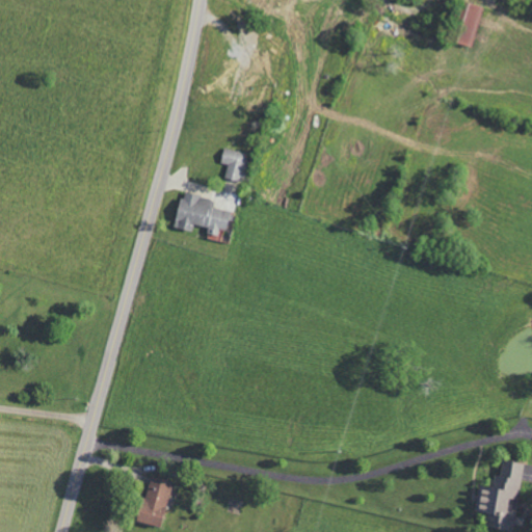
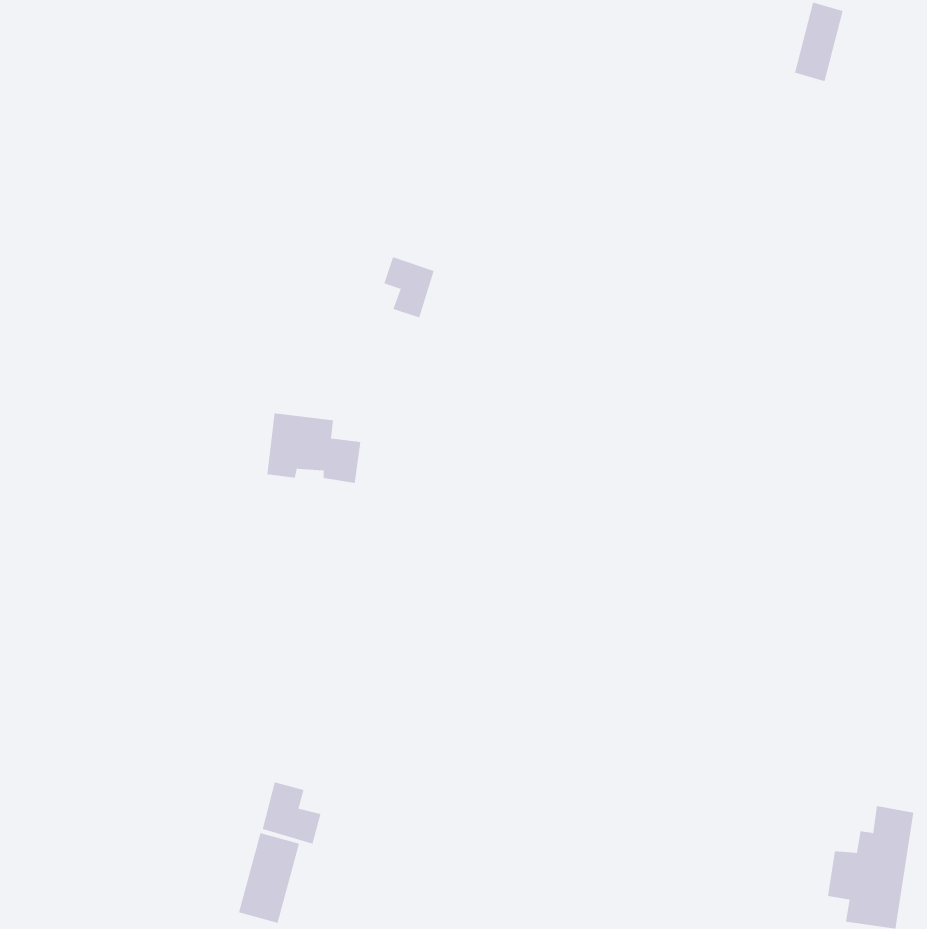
building: [176,193,230,234] -> [267,413,361,484]
building: none -> [262,781,321,845]

